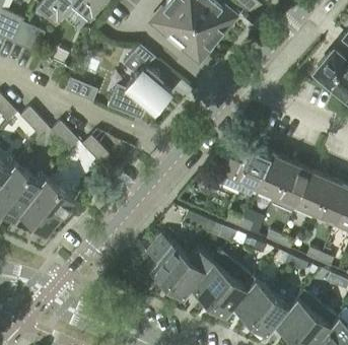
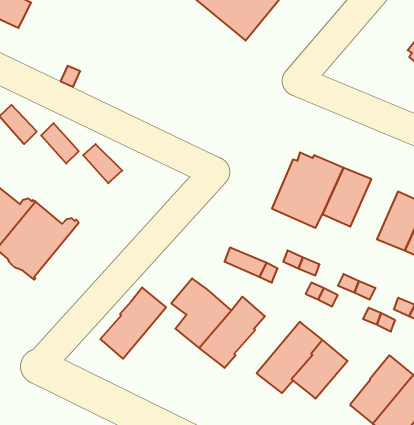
building: [108,53,171,120] -> none
building: [275,161,309,205] -> none
building: [191,251,238,302] -> [100,287,166,359]
building: [250,293,289,335] -> none

